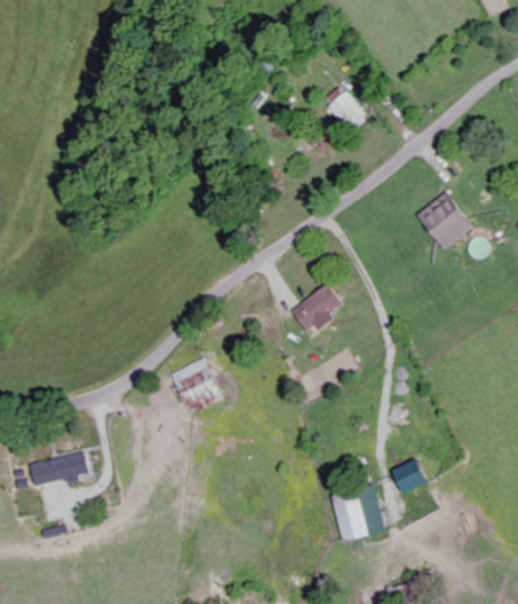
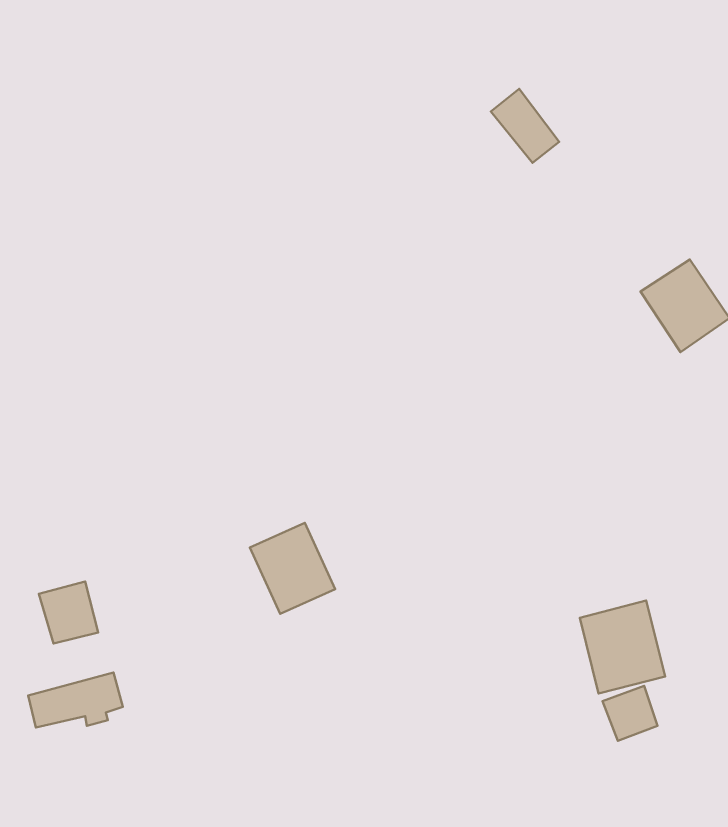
building: [291,284,342,331] -> none
building: none -> [39,582,98,644]
building: [332,485,386,543] -> [580,601,665,693]

